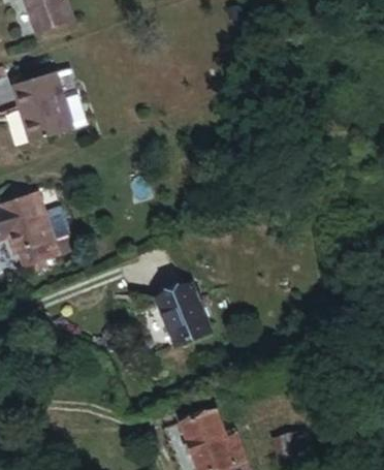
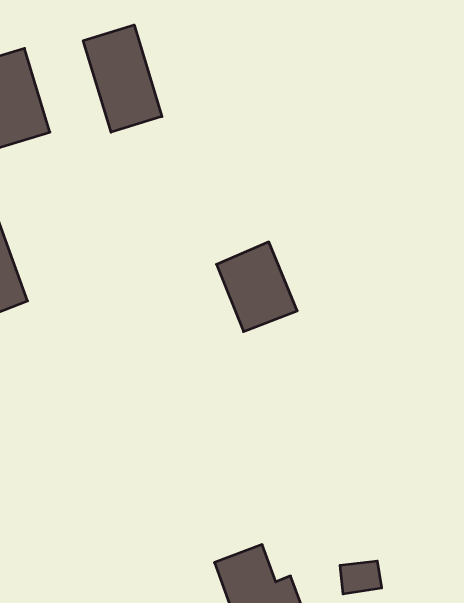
building: none -> [83,25,162,132]
building: [159,290,215,352] -> [216,242,297,332]

